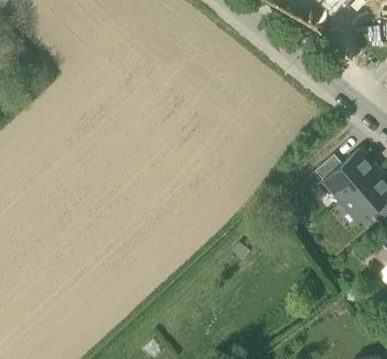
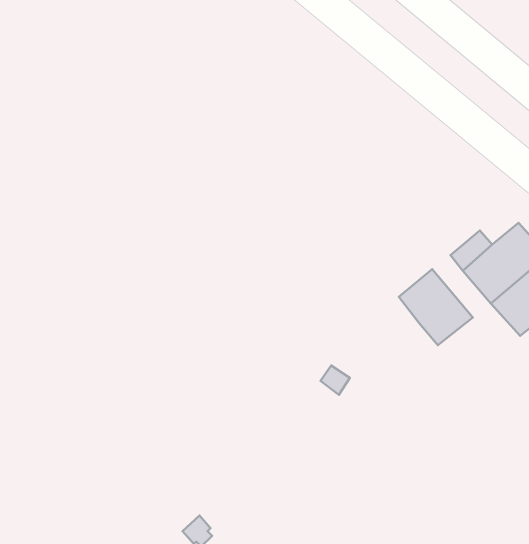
building: none -> [399,269,473,345]

